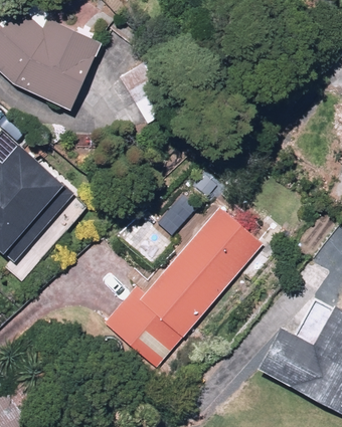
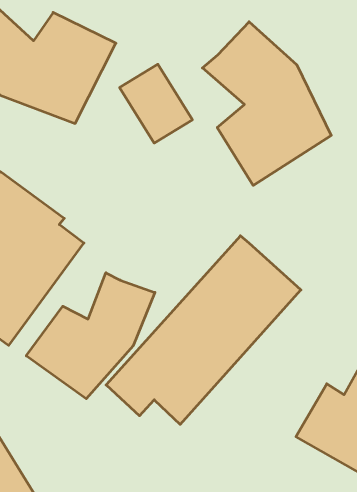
building: none -> [202,22,331,185]
building: none -> [26,273,155,399]

